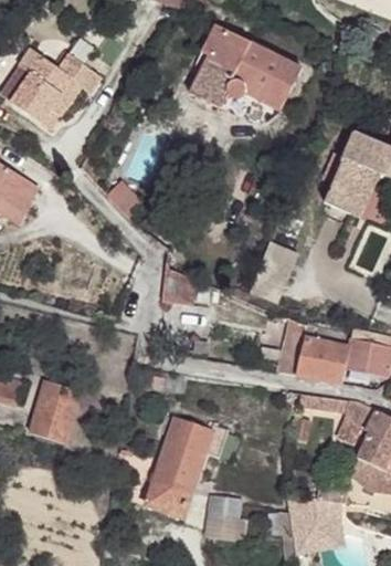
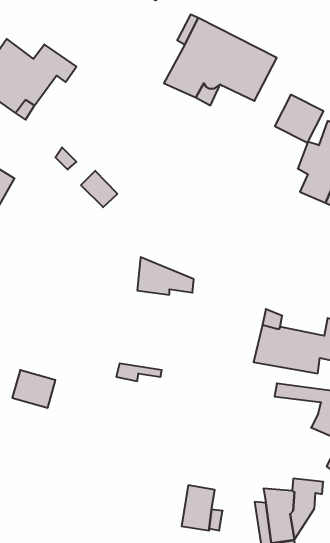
building: none -> [275,95,323,143]
building: [250,241,298,303] -> none
building: [30,407,73,443] -> none
building: [146,419,228,517] -> none

